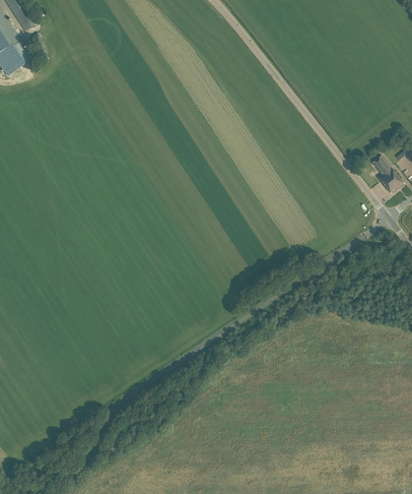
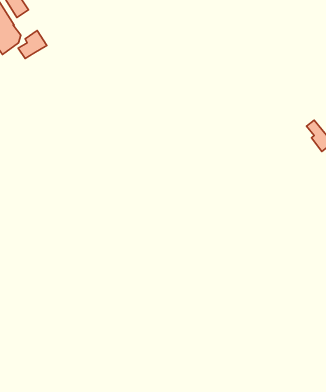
building: none -> [18,31,47,58]

